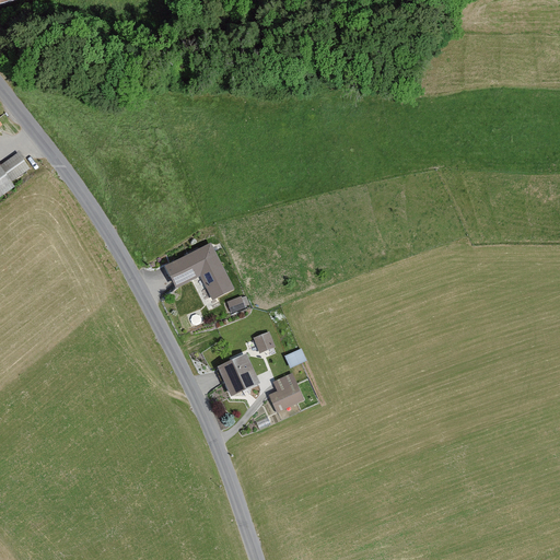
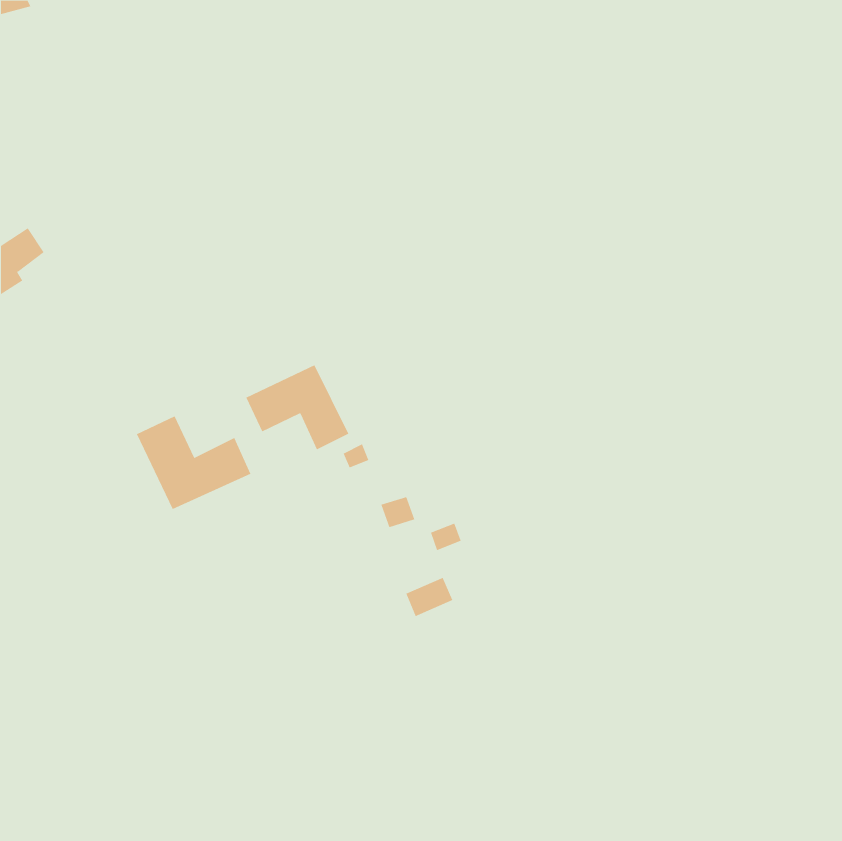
building: none -> [136,415,251,510]
building: [217,354,257,395] -> none

